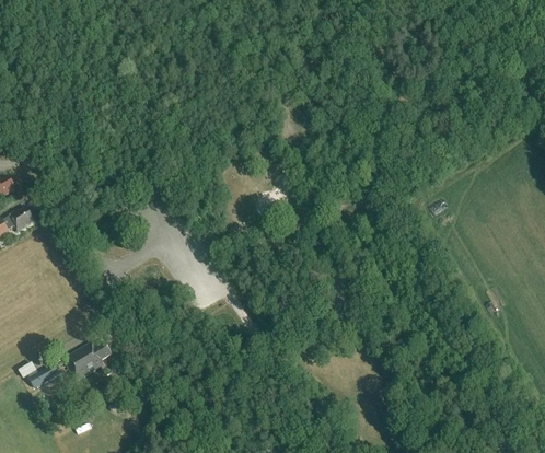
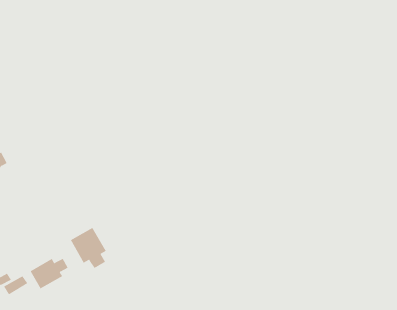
building: none -> [70,227,107,269]

